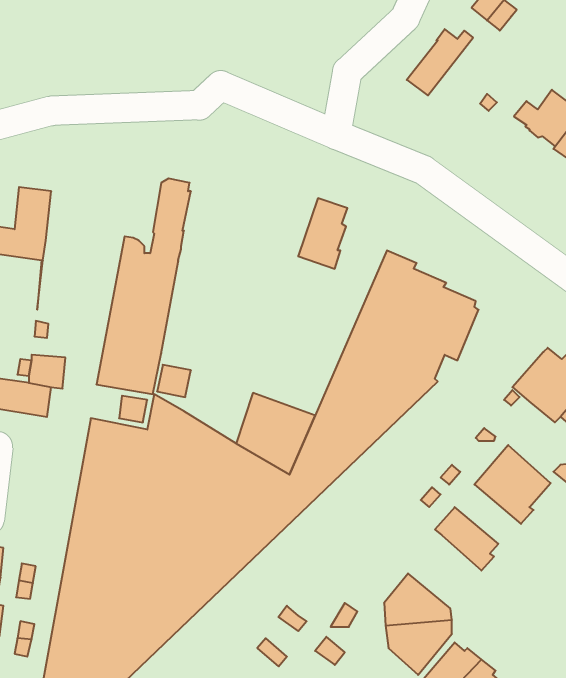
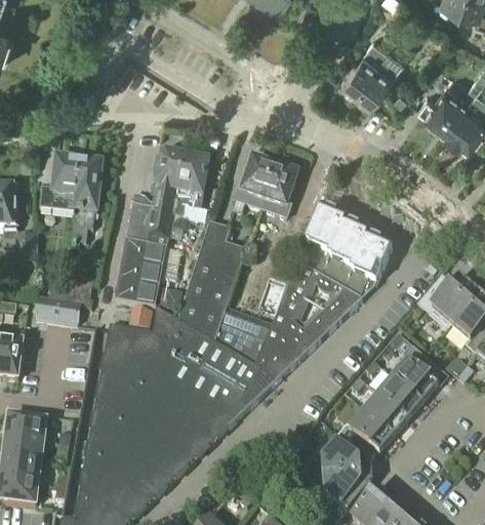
building: none -> [354,47,403,103]
building: none -> [172,154,208,213]
building: none -> [232,158,274,212]
building: none -> [70,160,102,246]
building: none -> [176,220,246,344]
building: none -> [373,373,421,416]
building: none -> [335,410,393,463]

